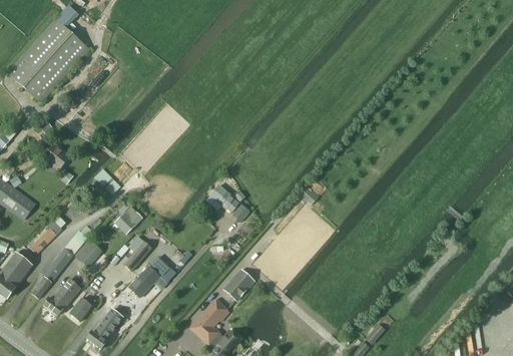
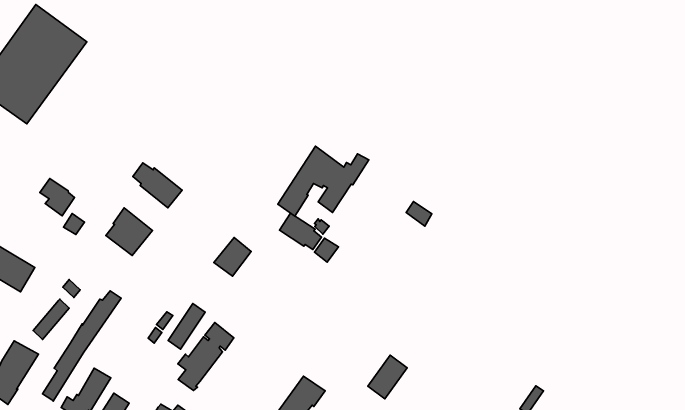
building: none -> [133,163,182,208]
building: none -> [278,146,369,216]
building: [115,206,142,233] -> [214,237,251,276]
building: [75,238,103,267] -> none
building: [225,269,254,299] -> [368,355,407,399]

